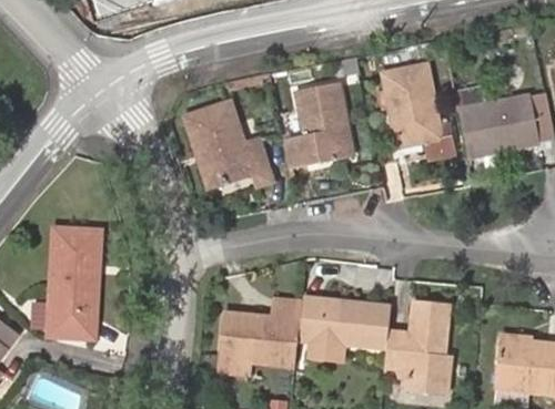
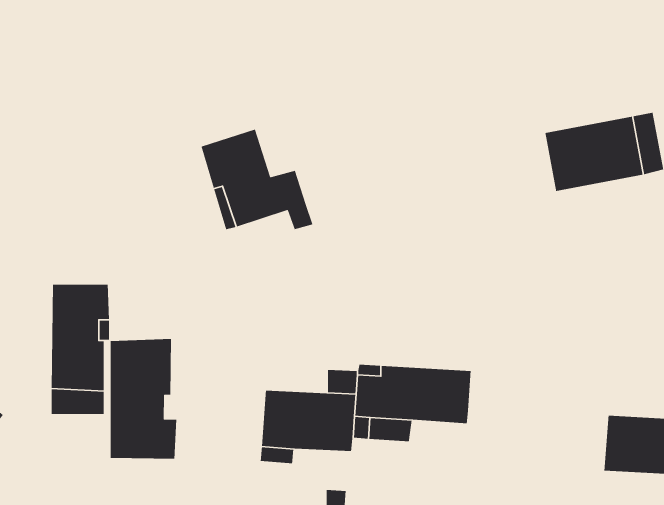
building: [375,62,447,157] -> none
building: [278,86,339,171] -> none
building: none -> [110,338,177,460]
building: [390,303,456,391] -> none

